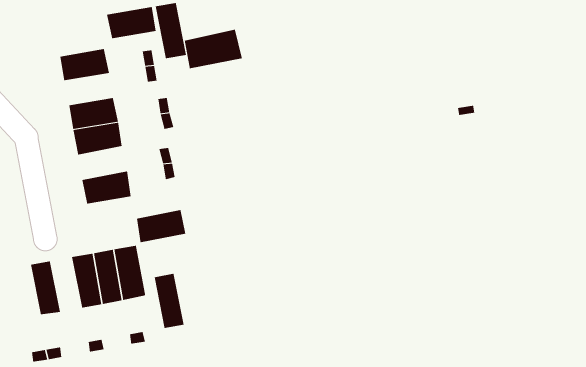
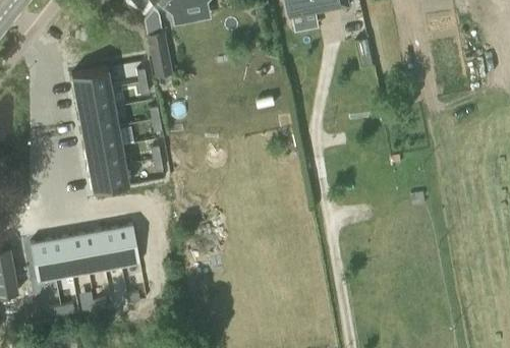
building: [106,7,156,39] -> [73,88,113,113]
building: [184,29,243,69] -> none
building: [136,209,186,243] -> [84,146,124,172]
building: none -> [29,239,55,283]
building: [154,273,185,329] -> [63,233,88,277]

